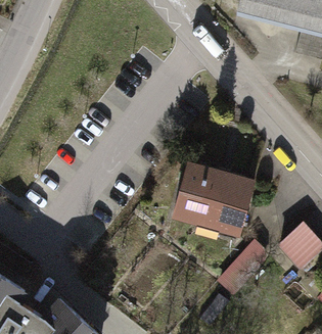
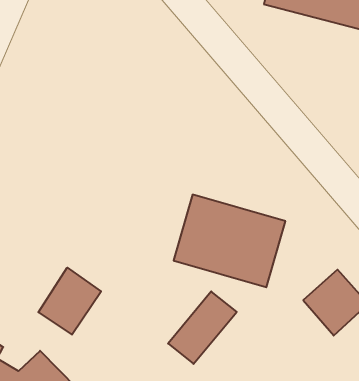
building: none -> [38,268,101,335]
building: [213,244,268,302] -> [168,291,237,364]

